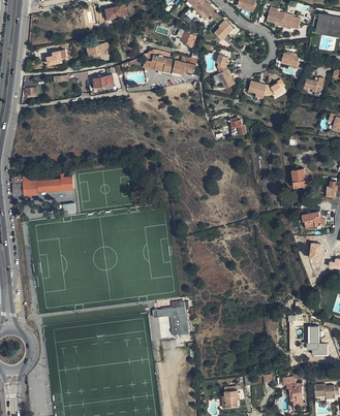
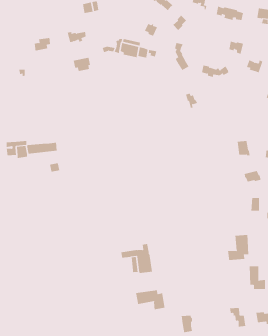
building: none -> [228,234,249,261]
building: none -> [136,289,165,310]

